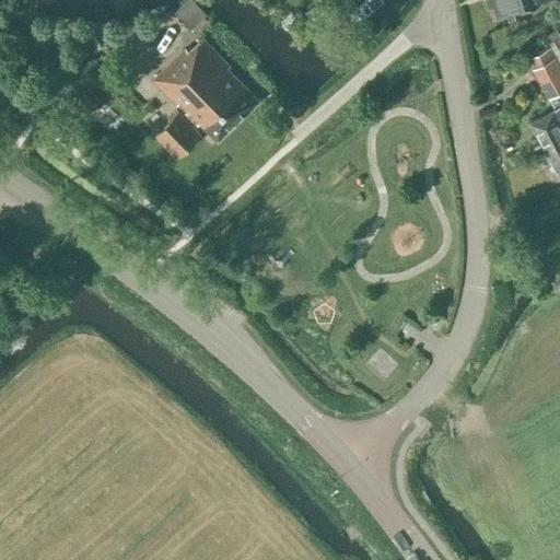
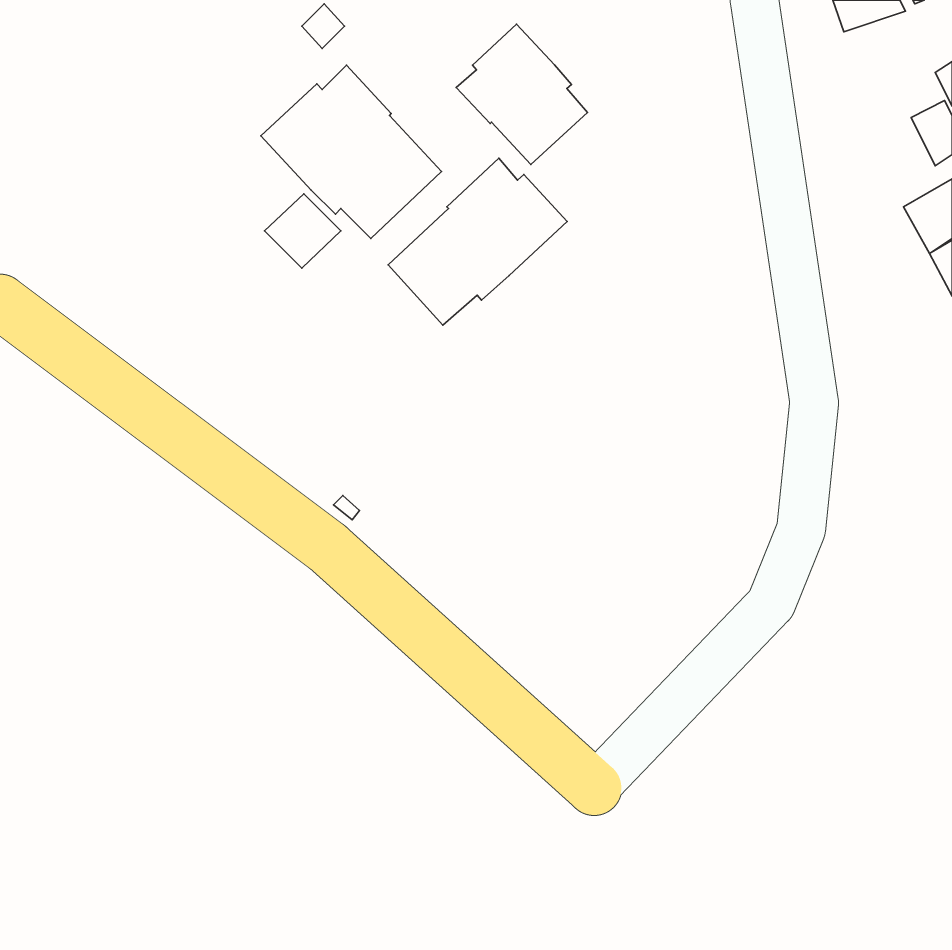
building: none -> [456,24,588,164]
building: none -> [388,158,567,325]

